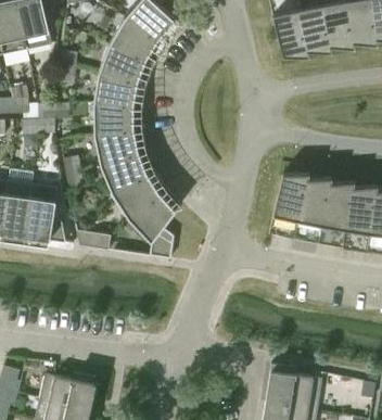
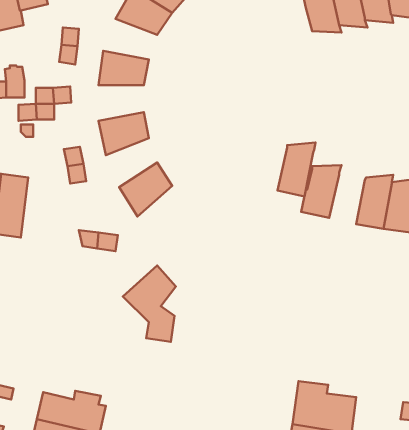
building: [98,44,145,80] -> none
building: [93,103,133,135] -> none
building: [100,150,145,193] -> none
building: [297,178,331,226] -> [277,143,315,197]
building: [25,184,65,243] -> none
building: [128,192,175,259] -> [123,266,176,342]

